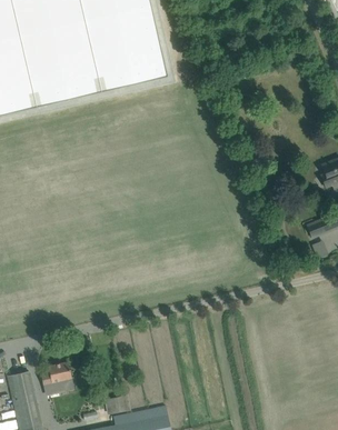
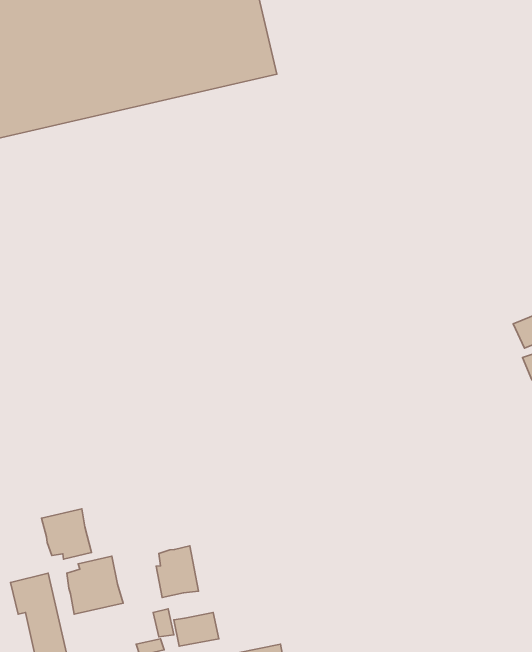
building: none -> [41,509,91,559]
building: none -> [156,546,199,598]

